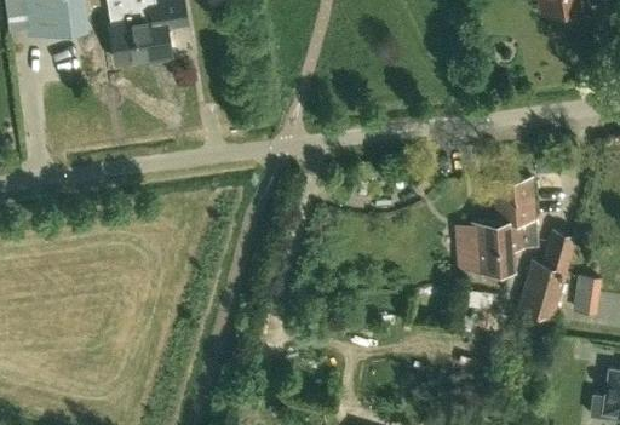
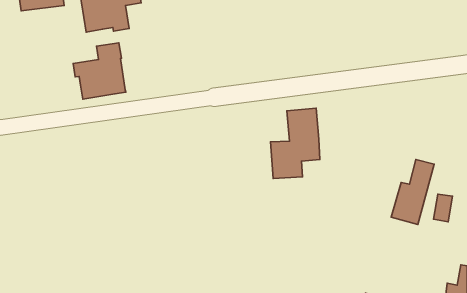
building: none -> [73,43,126,99]
building: [471,180,536,274] -> [270,108,320,179]

